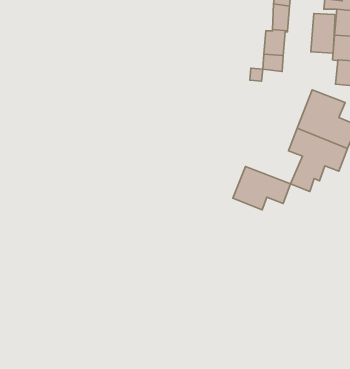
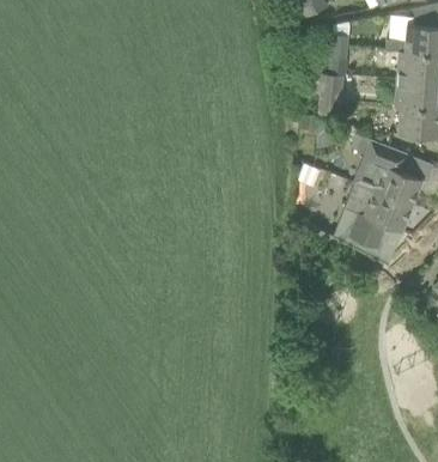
building: [311,14,335,53] -> none
building: [233,166,291,210] -> none

